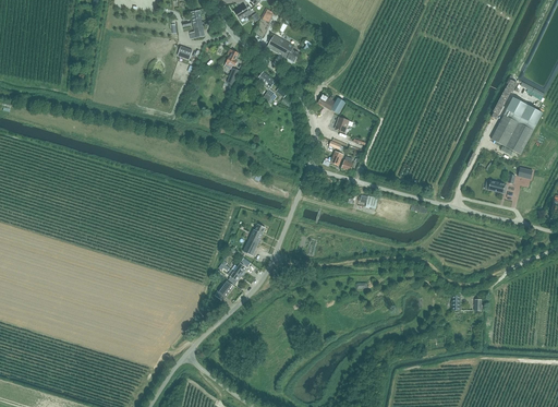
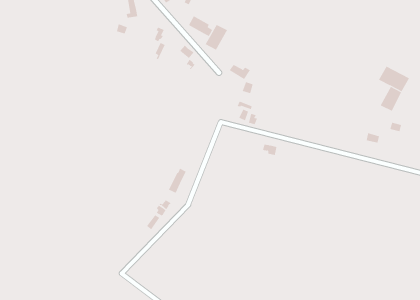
building: none -> [205,24,228,50]
building: [490,115,518,146] -> none

